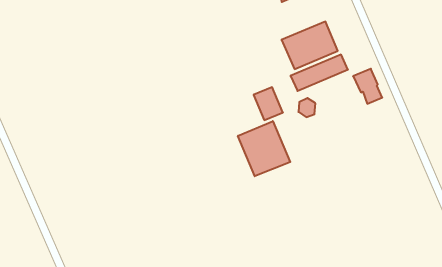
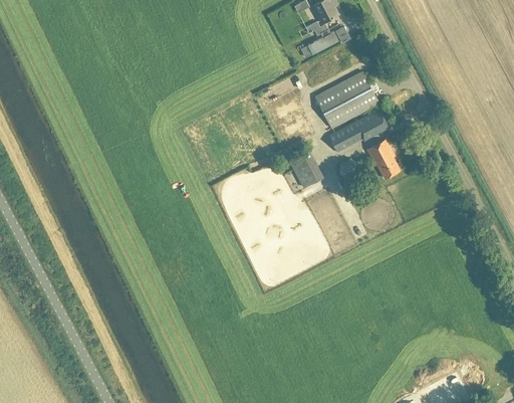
building: [353,69,382,104] -> [366,140,401,179]
building: [238,121,290,176] -> none

